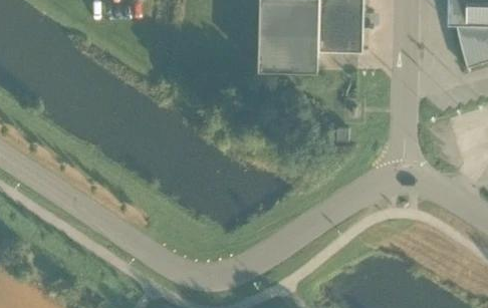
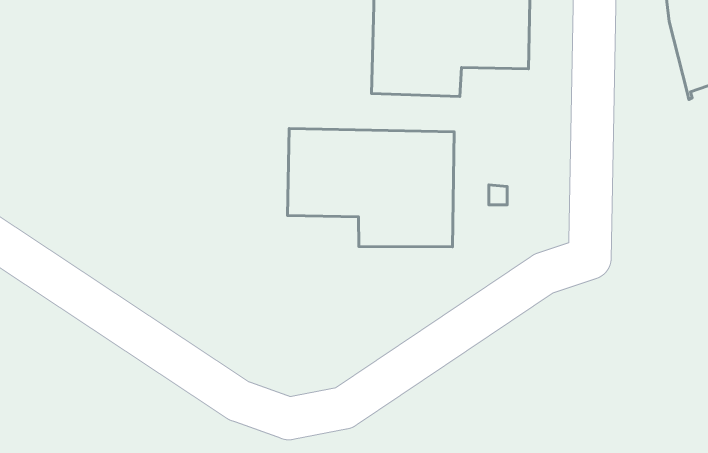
building: none -> [287,129,454,247]

